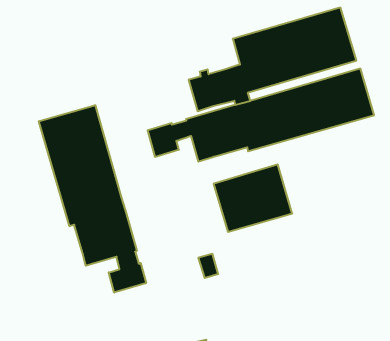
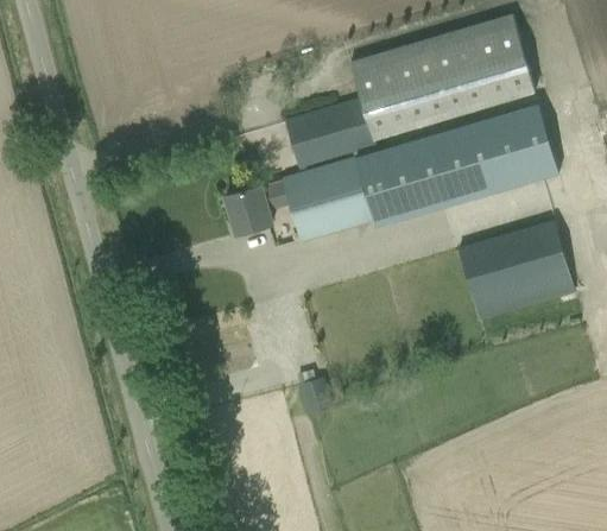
building: [39,105,146,293] -> none
building: [214,164,292,232] -> [457,220,574,320]

